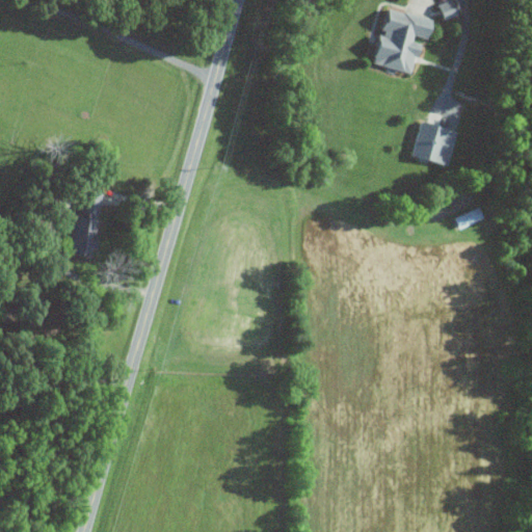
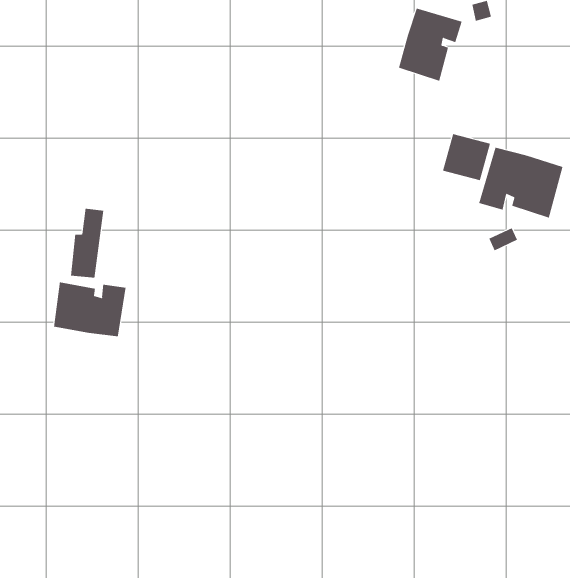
building: none -> [478,147,563,219]
building: none -> [53,281,126,337]

